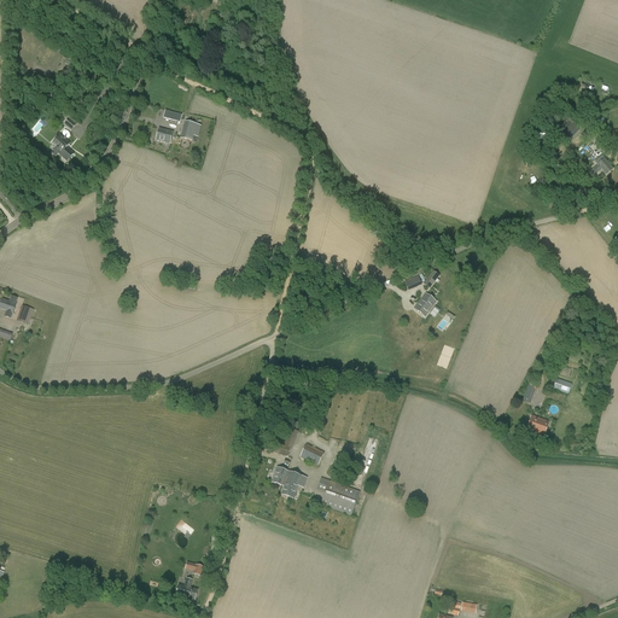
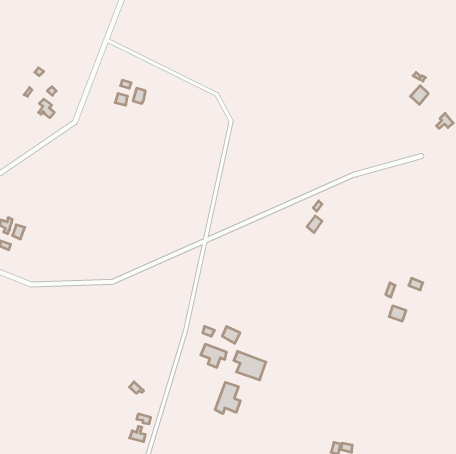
building: none -> [215,382,240,414]

